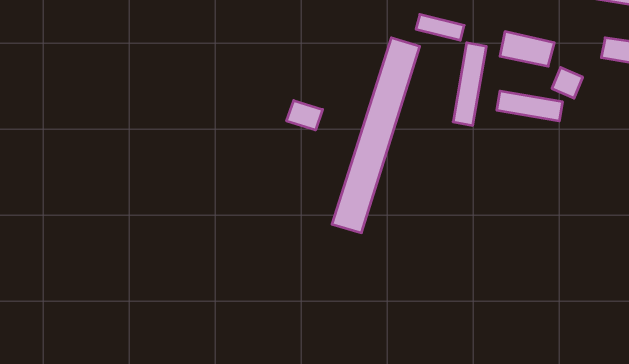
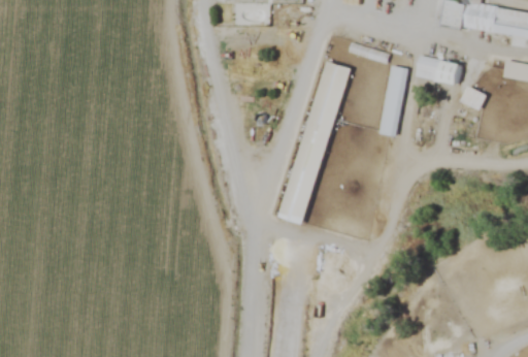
building: [497,91,562,121] -> none
building: [287,100,323,130] -> none

